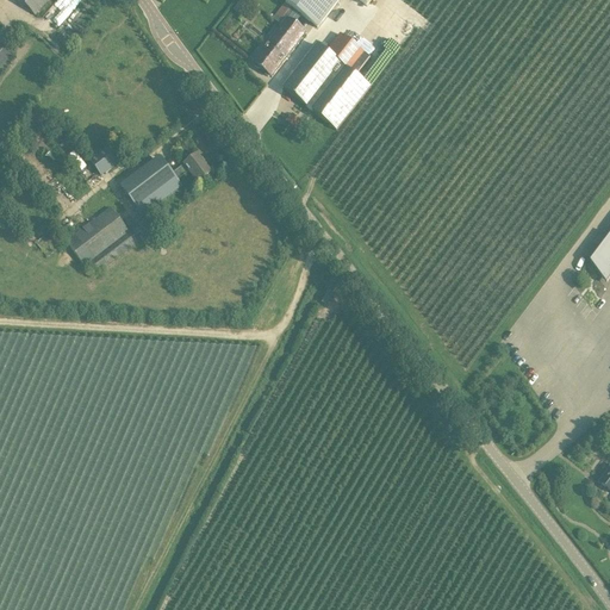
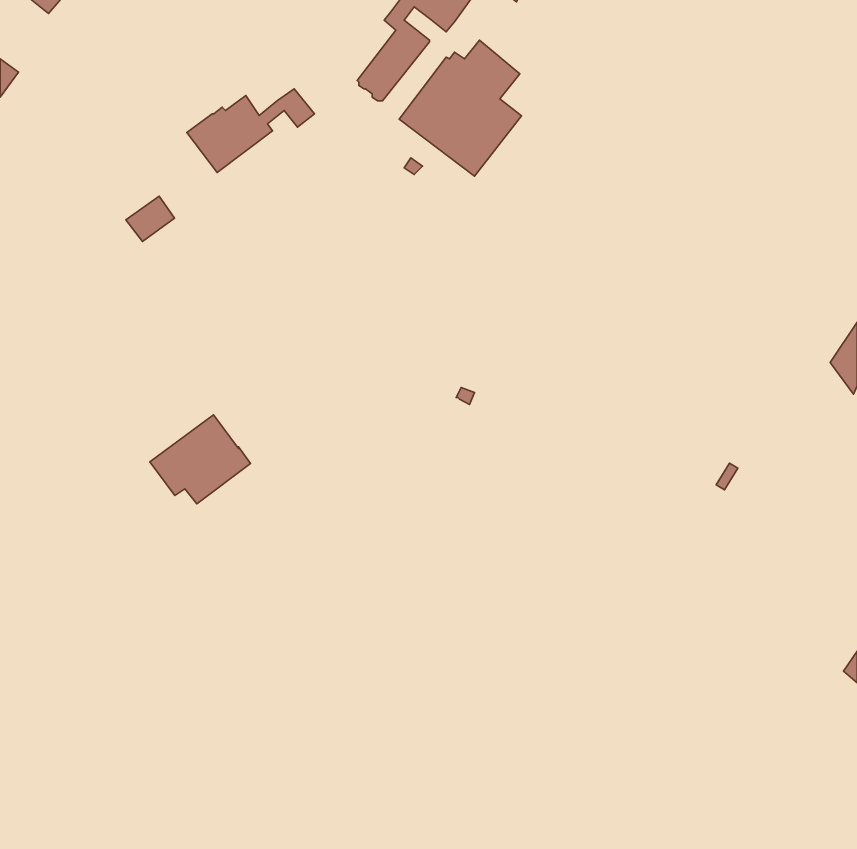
building: [120,151,211,211] -> [187,89,314,173]
building: [66,204,137,267] -> [150,415,250,504]

